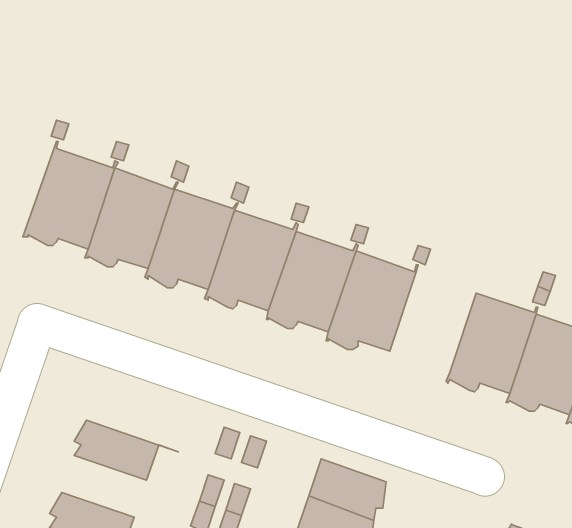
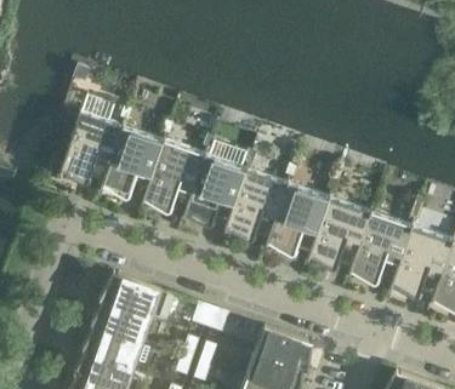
building: none -> [311,199,374,268]
building: none -> [104,274,176,322]
building: none -> [87,325,146,367]

